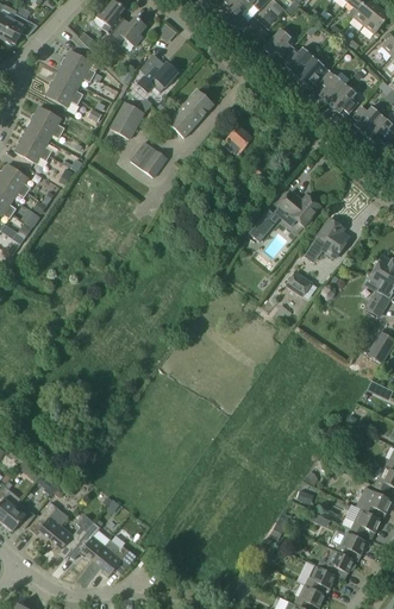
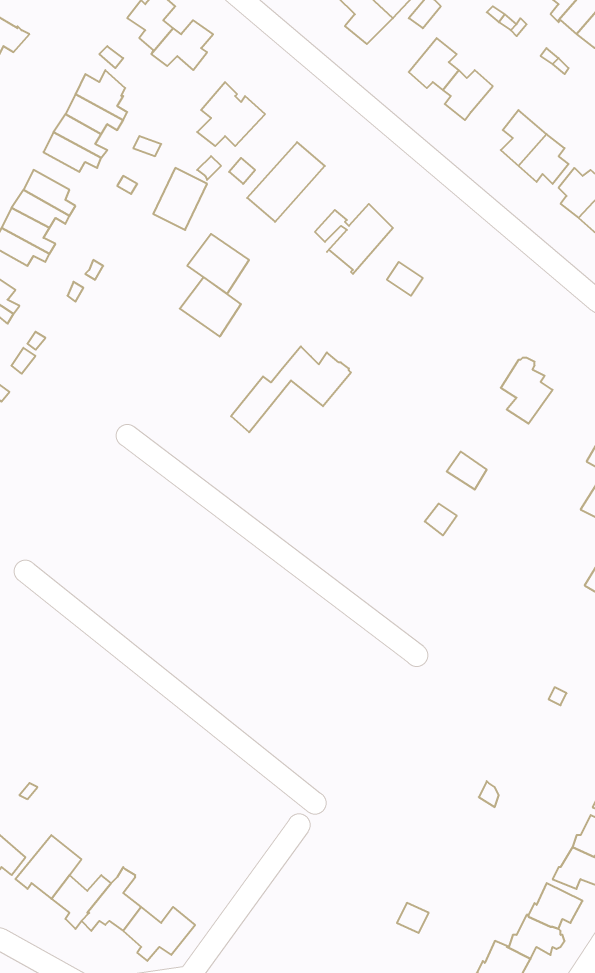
building: [296,56,329,86] -> none
building: none -> [180,277,241,337]
building: [249,190,320,241] -> [231,346,351,432]

